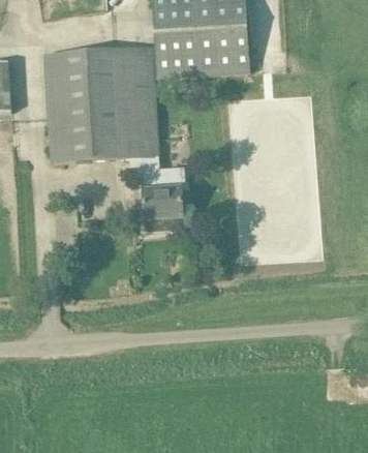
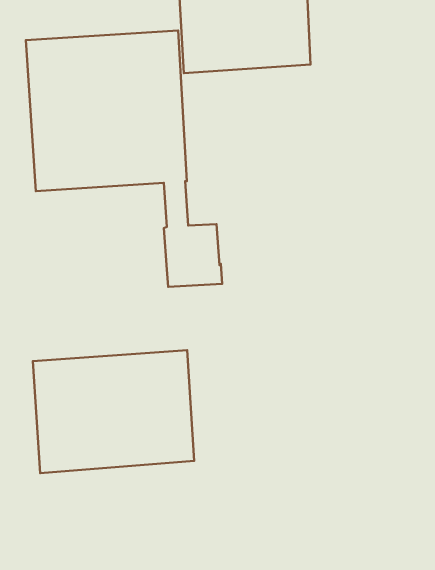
building: none -> [33,350,194,473]

